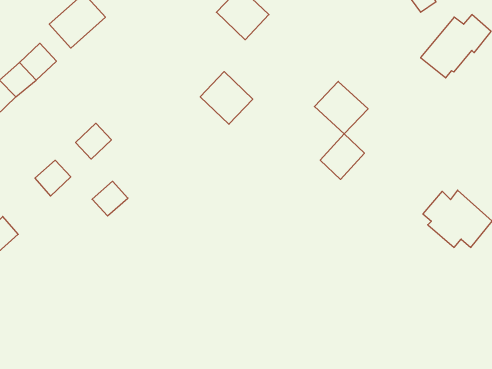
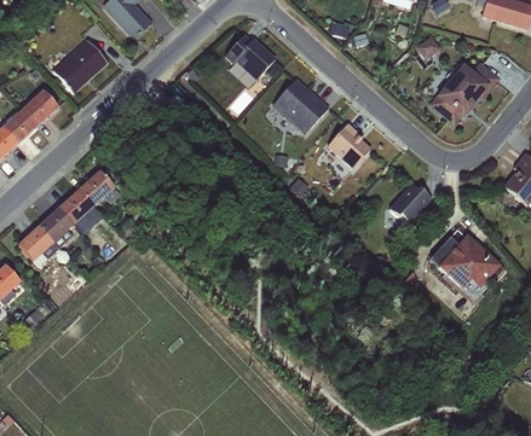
building: [200,72,253,124] -> [273,81,327,134]
building: [320,134,364,179] -> [386,182,431,228]
building: none -> [17,225,53,261]
building: [92,181,128,216] -> [58,188,94,223]

